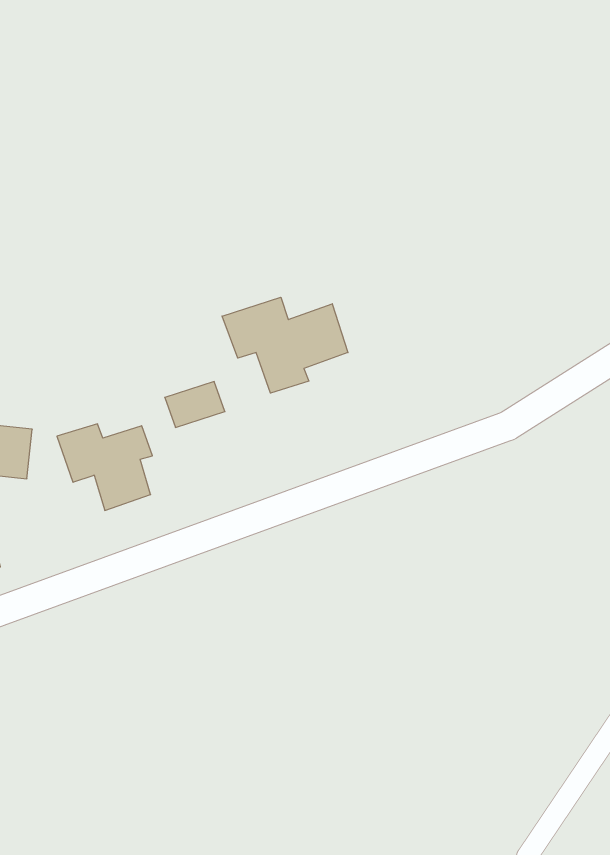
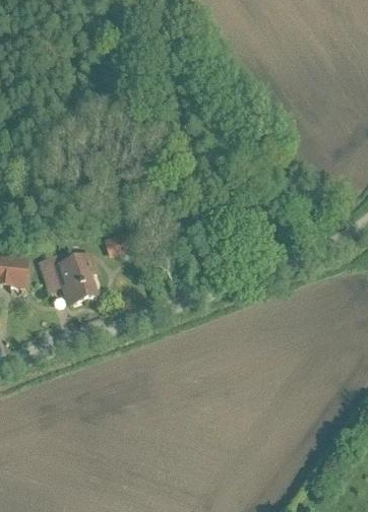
building: [222,297,348,393] -> none

